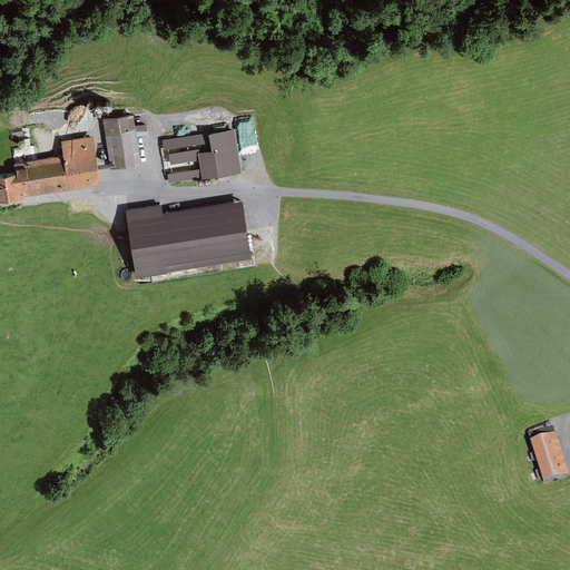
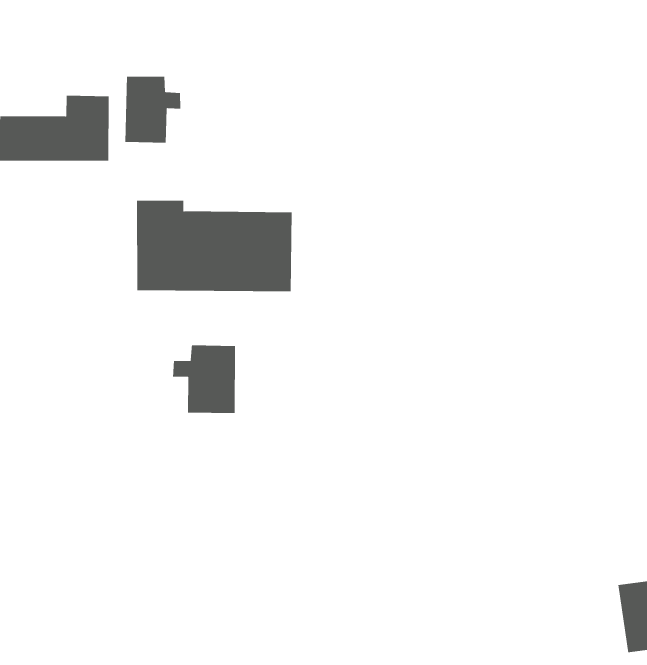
building: [159,128,242,183] -> none
building: none -> [173,344,236,414]

